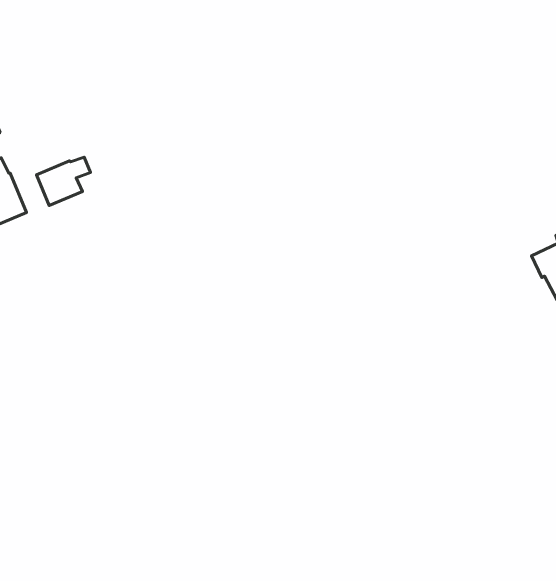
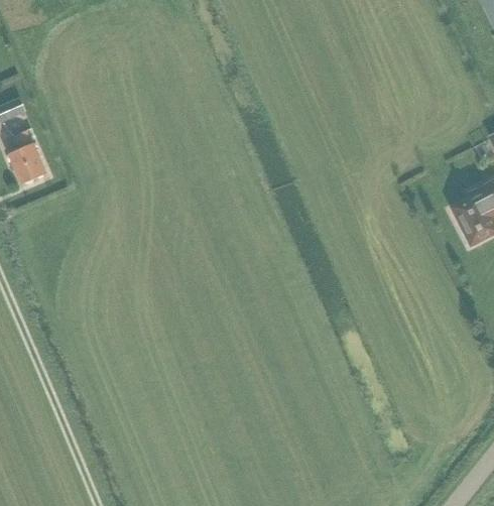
building: [36,157,91,205] -> none

